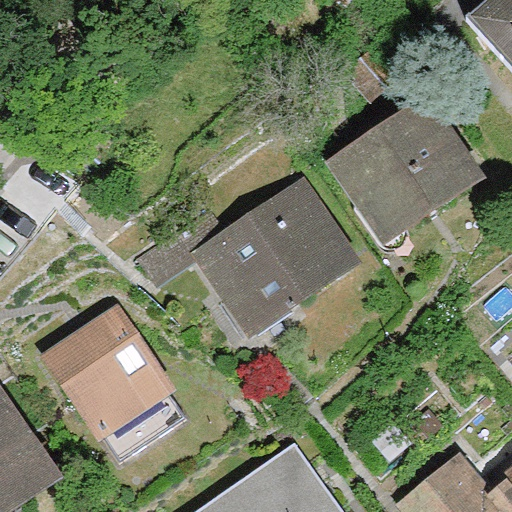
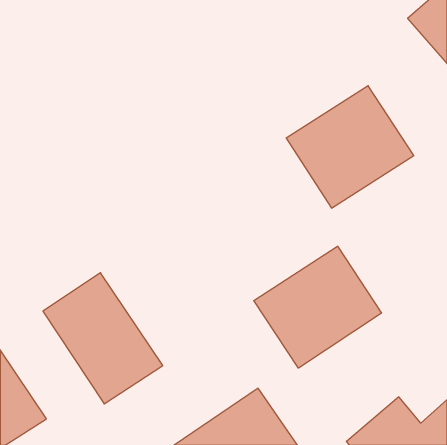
building: [201,189,355,336] -> none
building: none -> [254,246,381,368]

